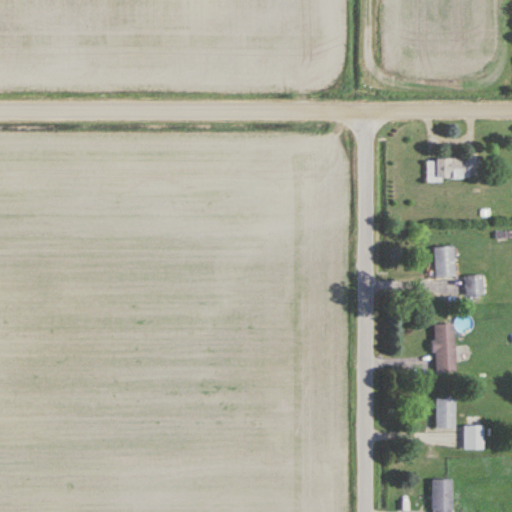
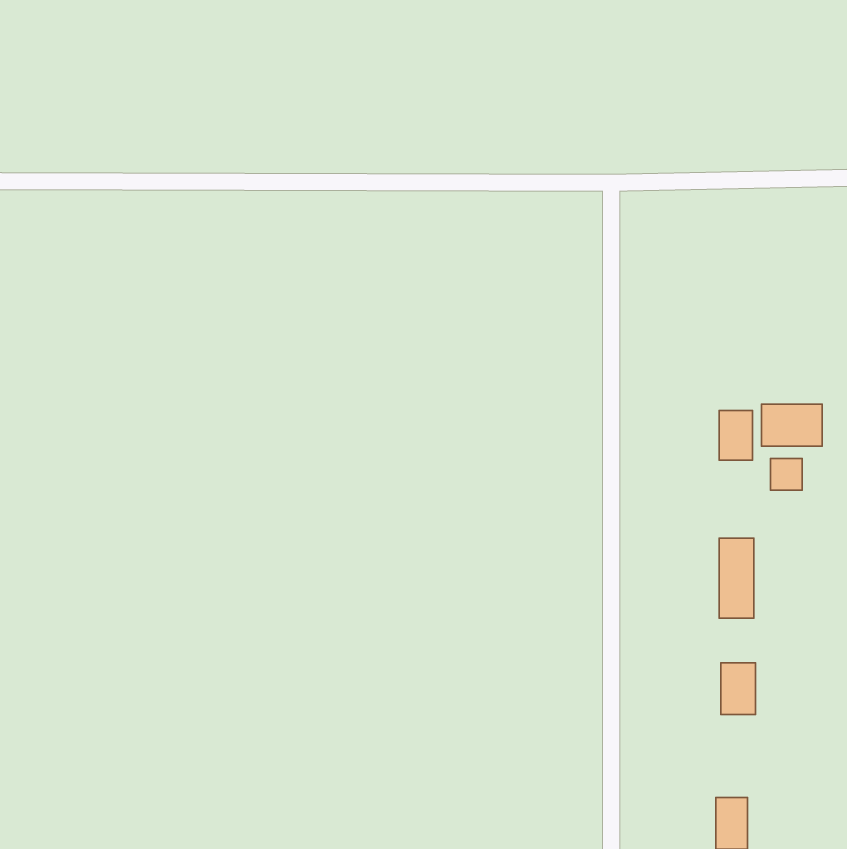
building: [428,159,464,181] -> none
building: none -> [762,404,822,446]
building: [464,426,484,450] -> none

